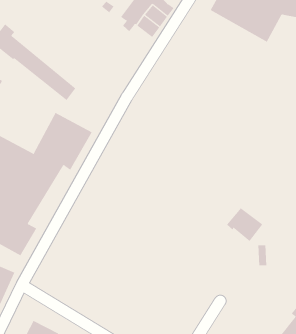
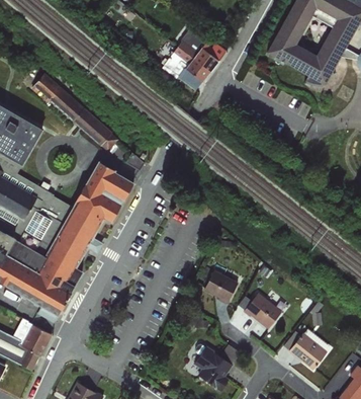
building: [226,207,263,242] -> [241,294,280,330]
building: none -> [202,271,236,304]
building: none -> [286,329,328,371]
building: none -> [191,346,231,392]

